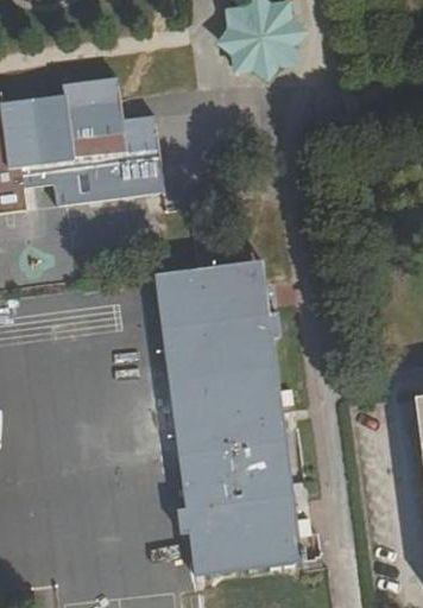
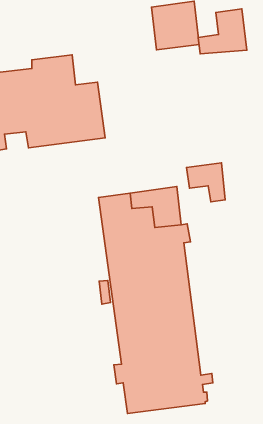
building: none -> [198,9,247,54]
building: none -> [186,163,225,202]

